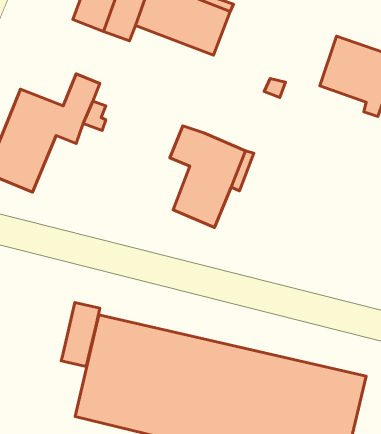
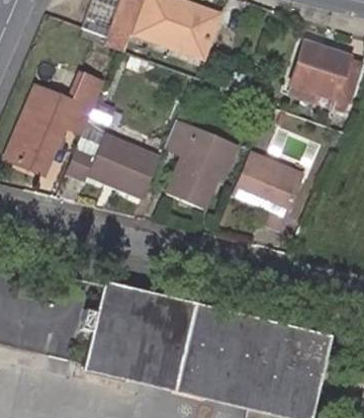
building: none -> [70,126,161,198]
building: none -> [231,150,299,225]
building: [61,302,100,367] -> none

